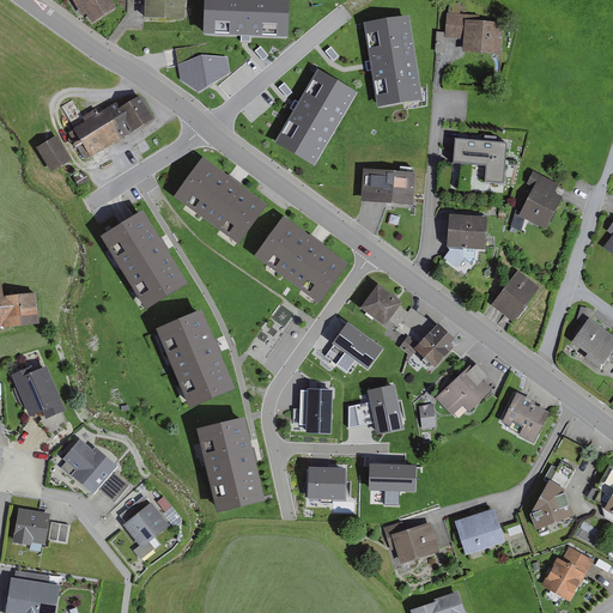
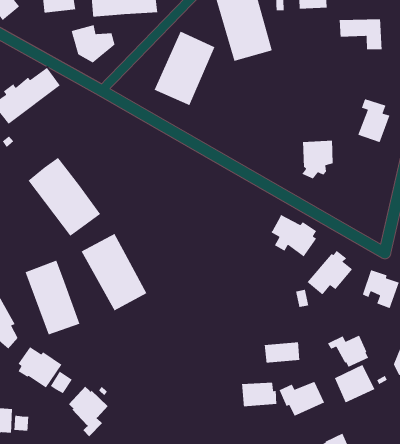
building: [453,145,506,189] -> [339,19,383,50]
building: [171,153,267,242] -> none
building: [360,174,414,211] -> none
building: [254,216,346,301] -> none
building: [490,274,539,327] -> none
building: [358,280,408,327] -> none
building: [329,320,384,371] -> none
building: [363,381,405,435] -> none
building: [305,387,333,435] -> none
building: [199,417,261,510] -> [25,260,80,335]
building: none -> [327,335,369,368]
building: [305,469,350,500] -> [241,382,277,407]

